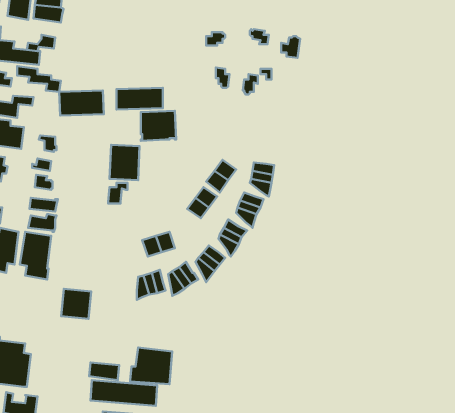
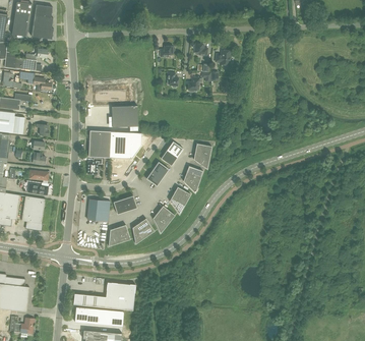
building: [59,91,104,115] -> none
building: none -> [109,131,140,158]
building: [61,289,91,319] -> [86,200,109,222]

